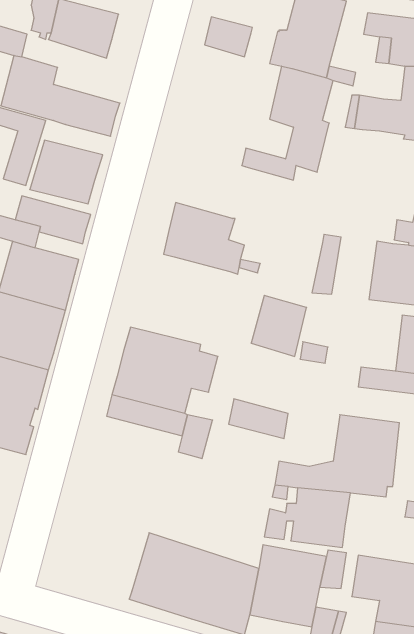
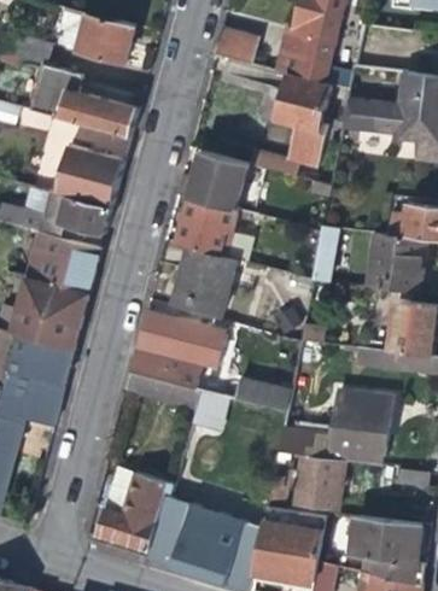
building: none -> [176,150,252,211]
building: none -> [171,246,238,318]
building: none -> [97,474,175,550]

